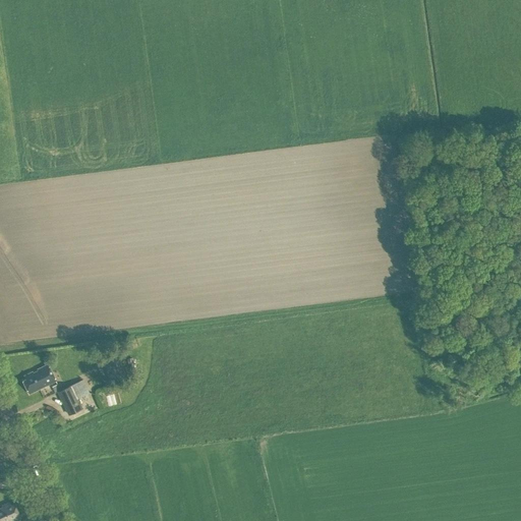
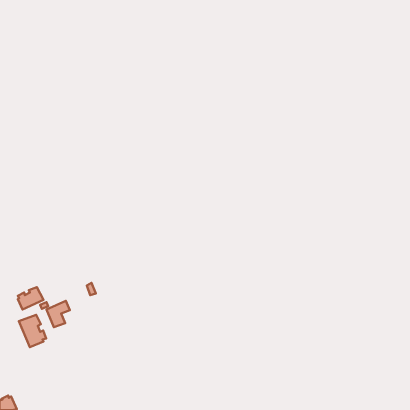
building: none -> [19,315,46,347]

